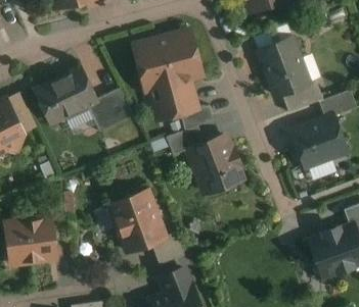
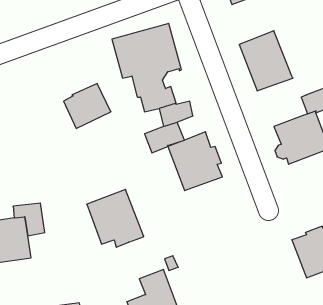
building: [36,66,97,122] -> none
building: [282,79,324,112] -> none
building: [151,232,185,264] -> none

